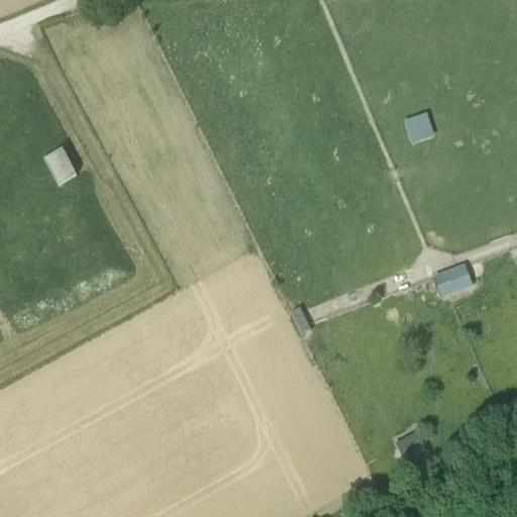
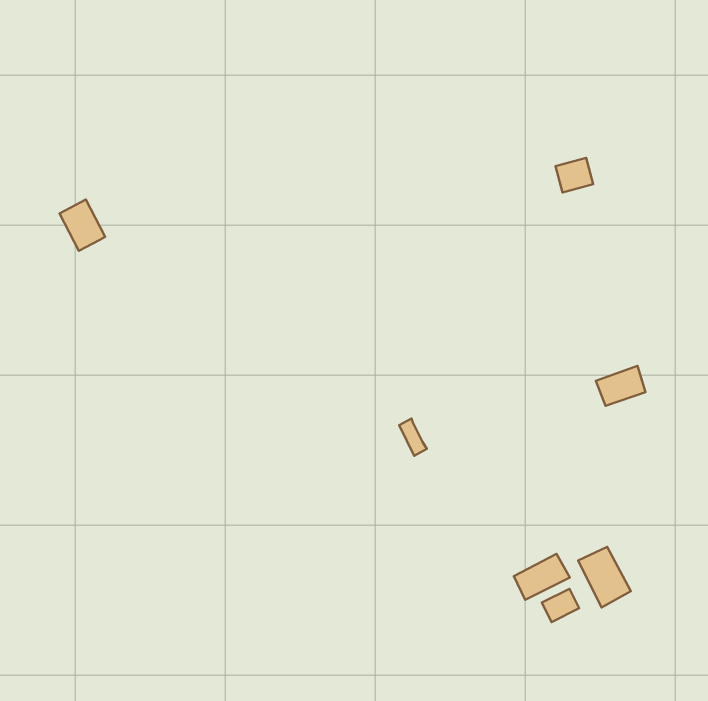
building: none -> [578,547,631,608]
building: none -> [514,554,570,600]

